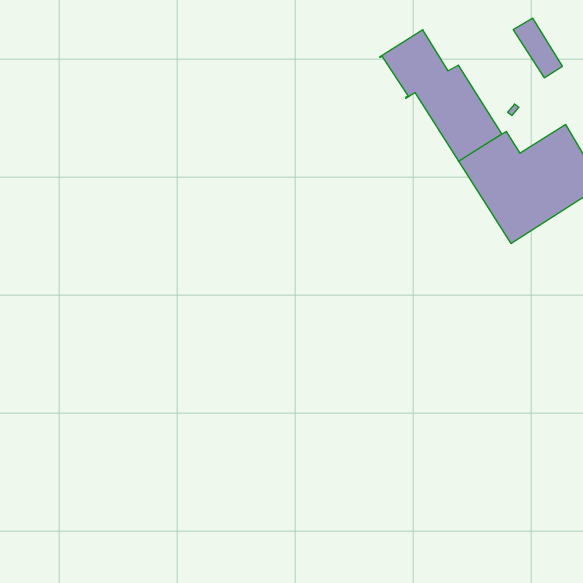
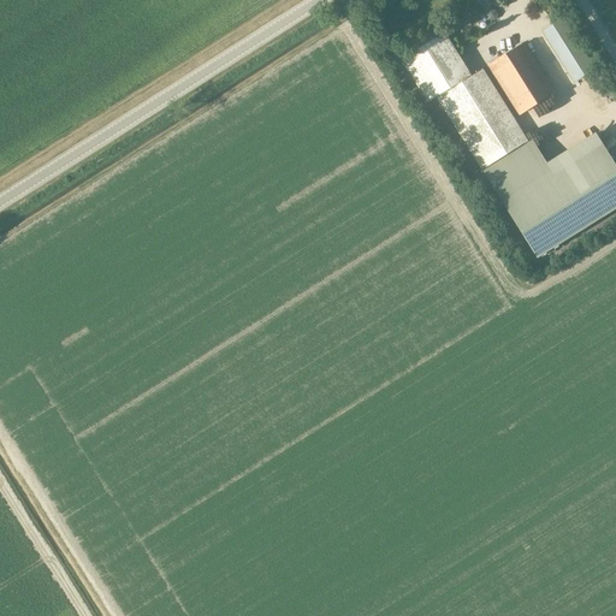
building: none -> [490,42,556,114]

